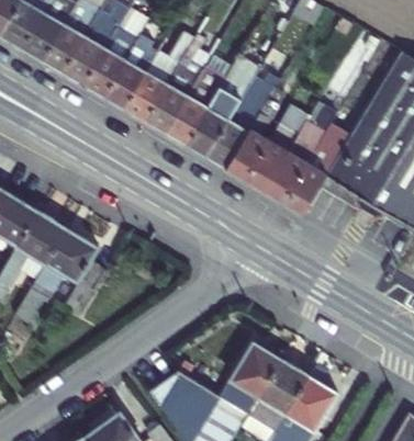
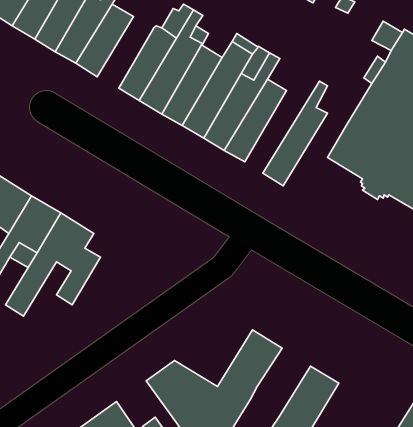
building: [103,34,158,108] -> none
building: [246,90,318,190] -> none
building: [283,132,345,213] -> none
building: [251,359,310,426] -> none

